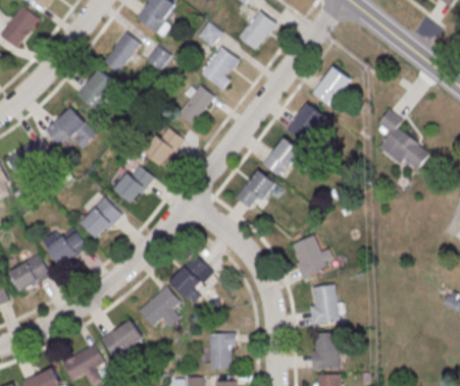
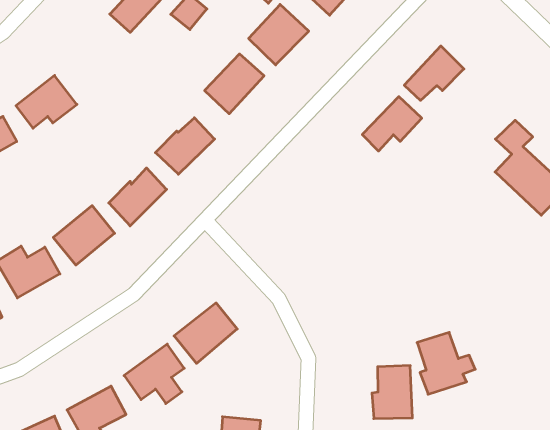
building: [76,68,117,110] -> none
building: [262,135,302,174] -> none
building: [236,168,275,207] -> none
building: [292,234,334,278] -> [417,332,475,394]

